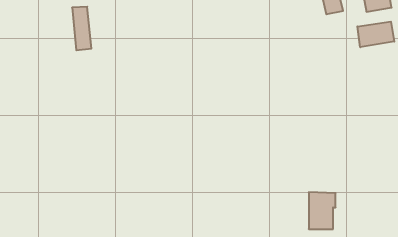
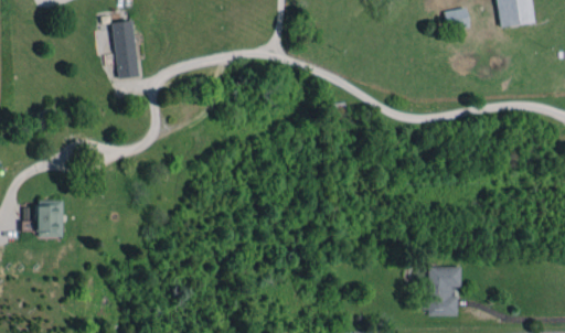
building: [357,22,394,47] -> none
building: none -> [36,200,64,237]

